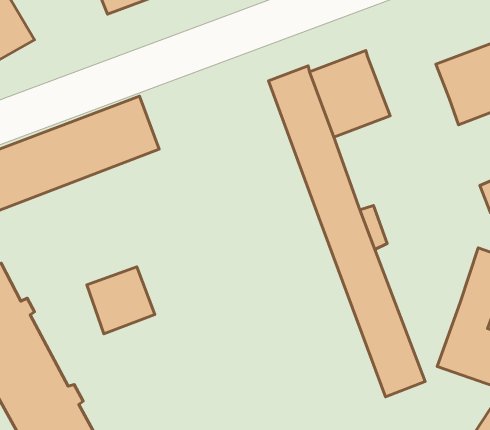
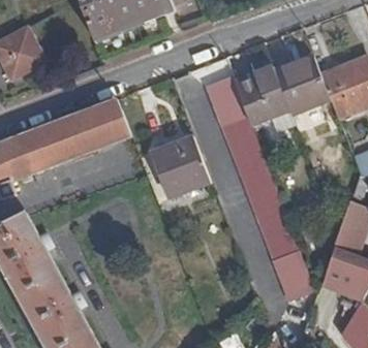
building: none -> [272,55,328,114]
building: none -> [152,136,210,195]
building: [87,267,155,334] -> none

